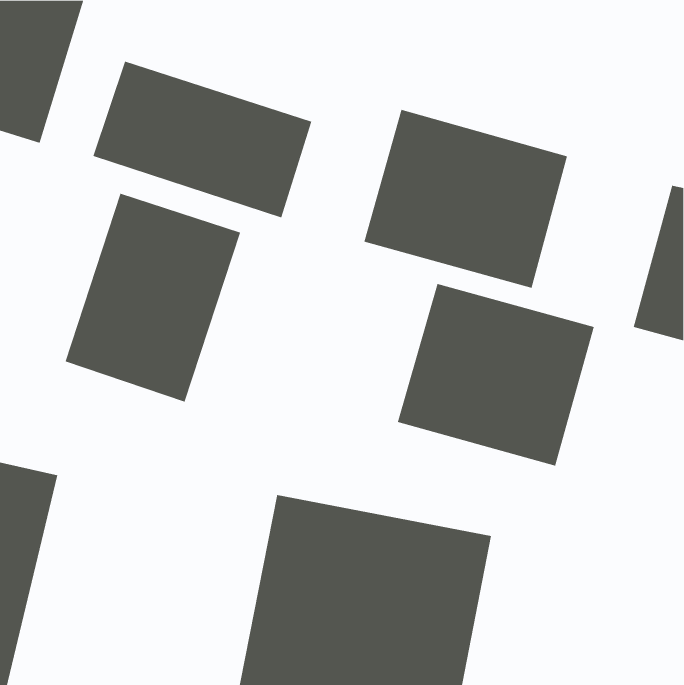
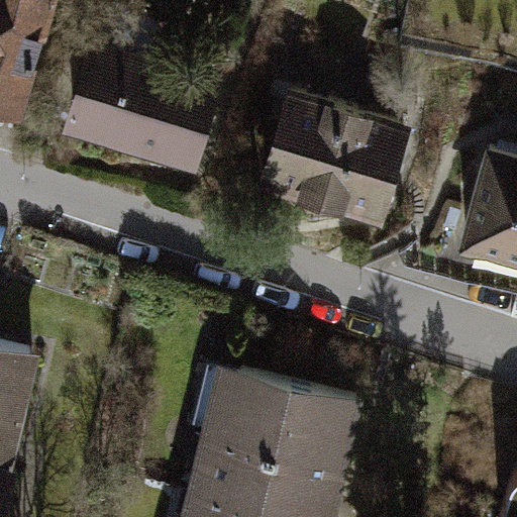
building: [65,193,241,402] -> none
building: [397,283,594,466] -> none

